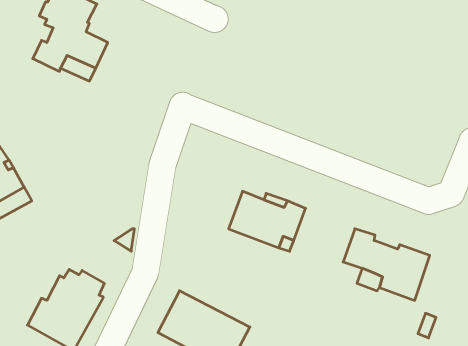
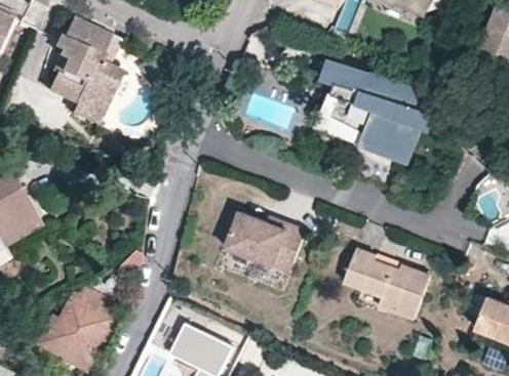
building: none -> [321,62,419,155]

